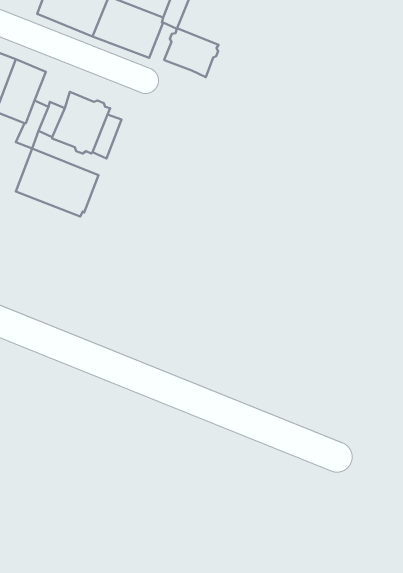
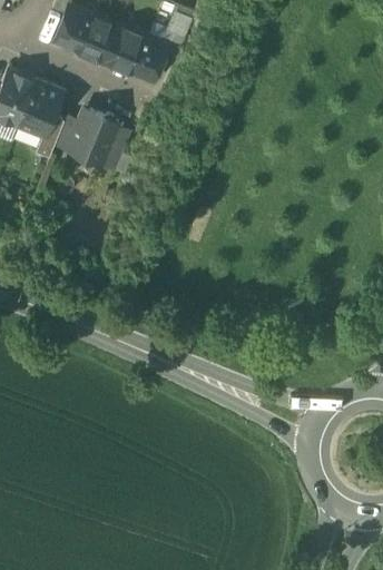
building: [164,29,218,77] -> none
building: [16,148,99,216] -> none

